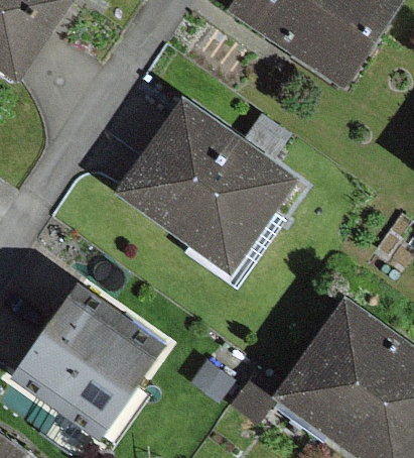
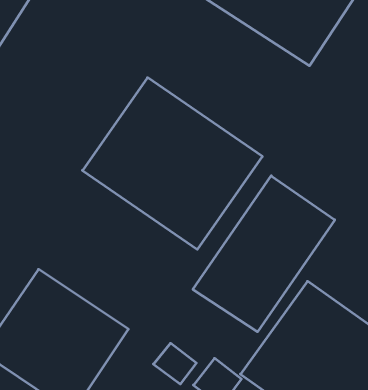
building: none -> [193,176,335,332]

